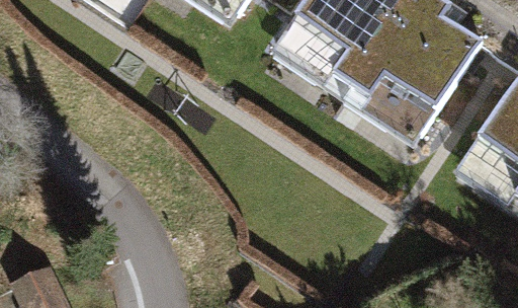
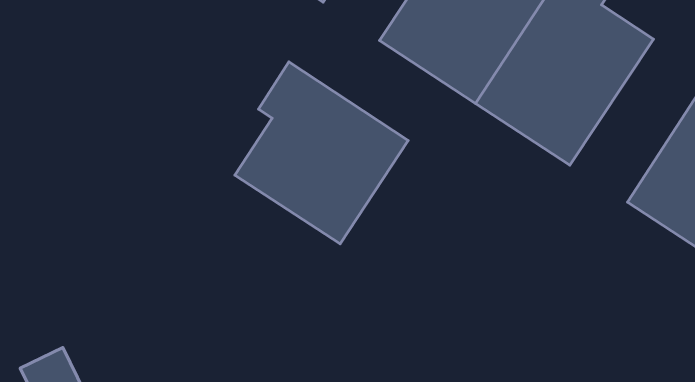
building: none -> [235,62,408,244]

